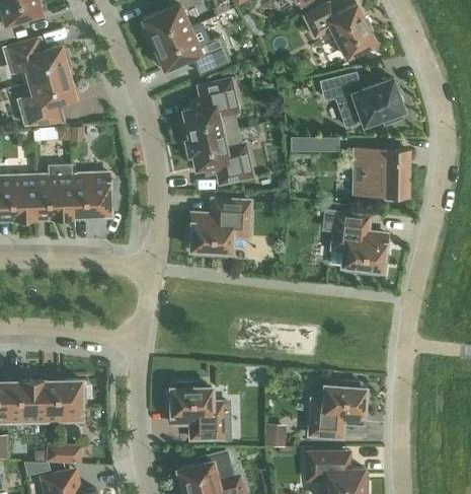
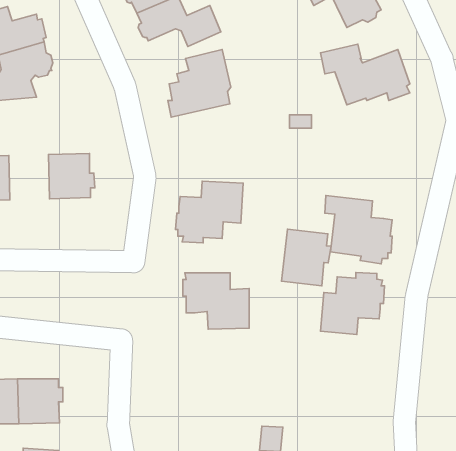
building: [184,127,253,183] -> none
building: [352,148,409,199] -> none
building: [35,163,73,215] -> none
building: none -> [281,229,331,286]
building: [309,380,368,437] -> [321,273,385,334]
building: [168,386,229,438] -> [183,273,249,329]

